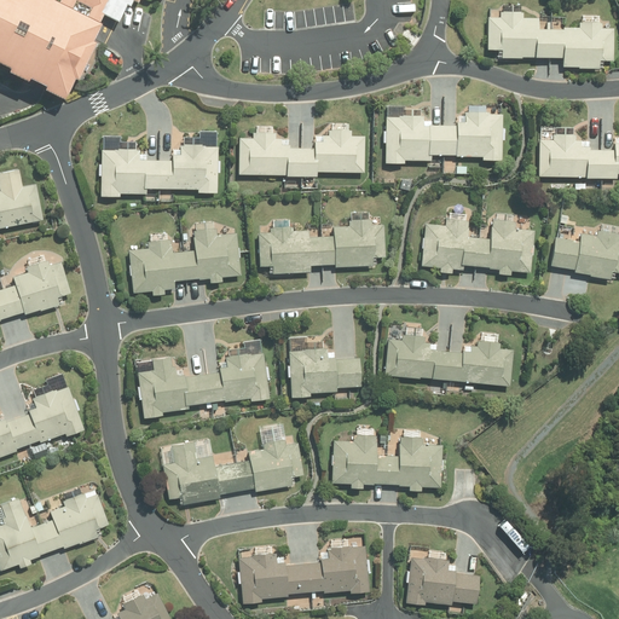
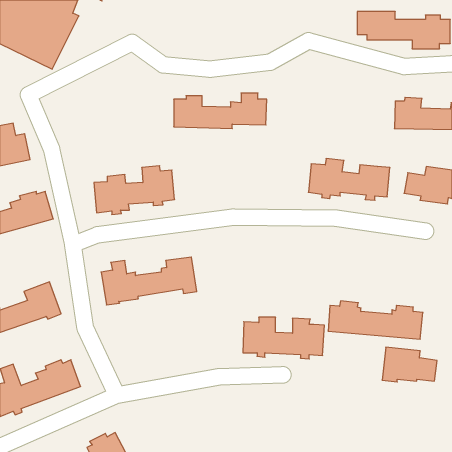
building: [386,111,501,162] -> none
building: [99,144,218,196] -> none
building: [259,219,383,272] -> none
building: [384,334,514,386] -> [328,301,423,339]
building: [289,349,360,397] -> none
building: [163,439,301,503] -> none
building: [236,544,368,603] -> none
building: [405,557,480,604] -> [382,347,437,382]

